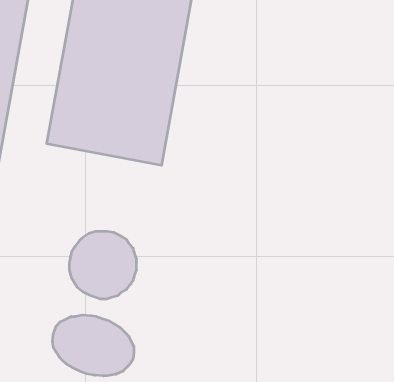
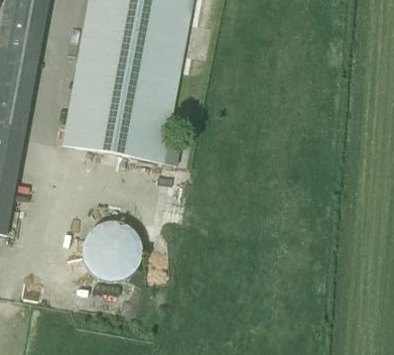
building: [53,315,134,376] -> none

